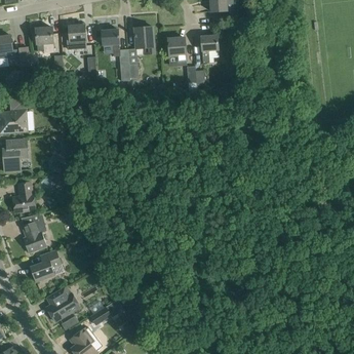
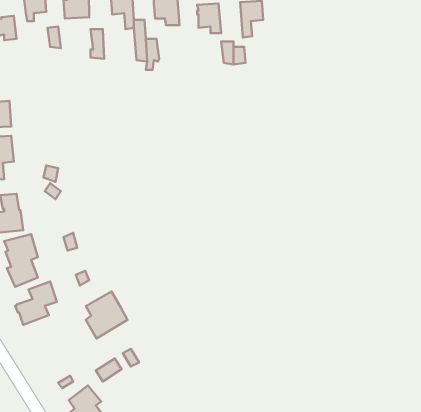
building: [46,285,78,321] -> [86,291,128,339]

